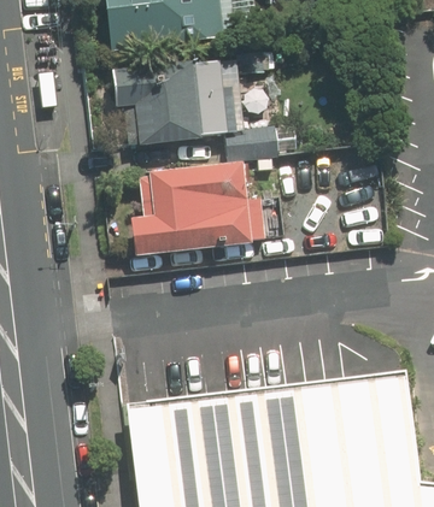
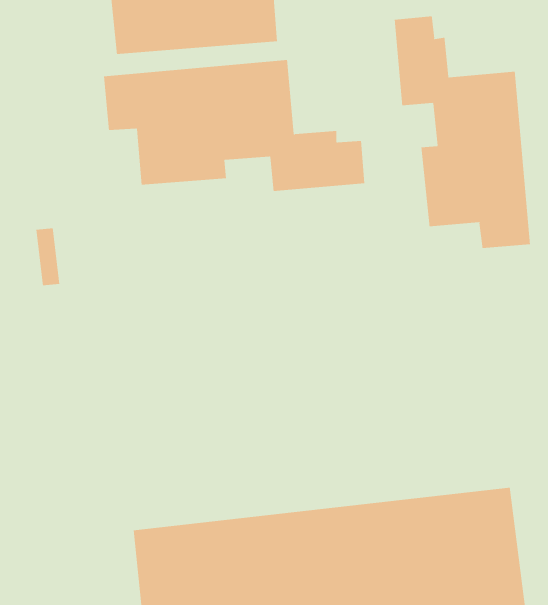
building: none -> [394,15,531,249]
building: [125,164,266,253] -> none

